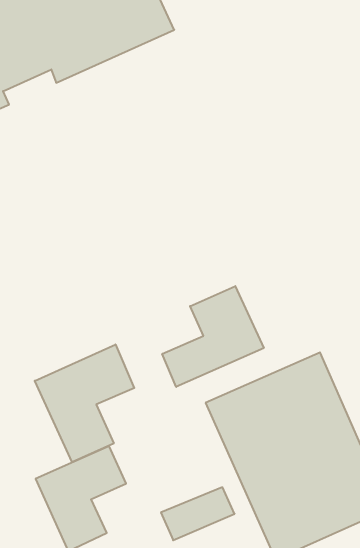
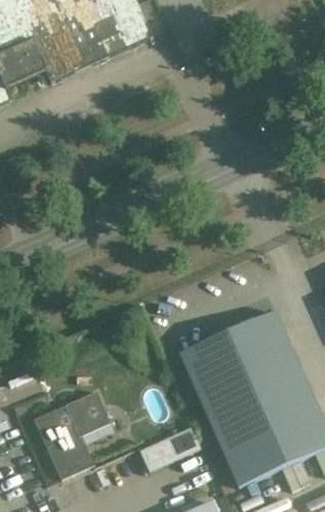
building: [162,286,264,387] -> none
building: [35,344,134,462] -> none

